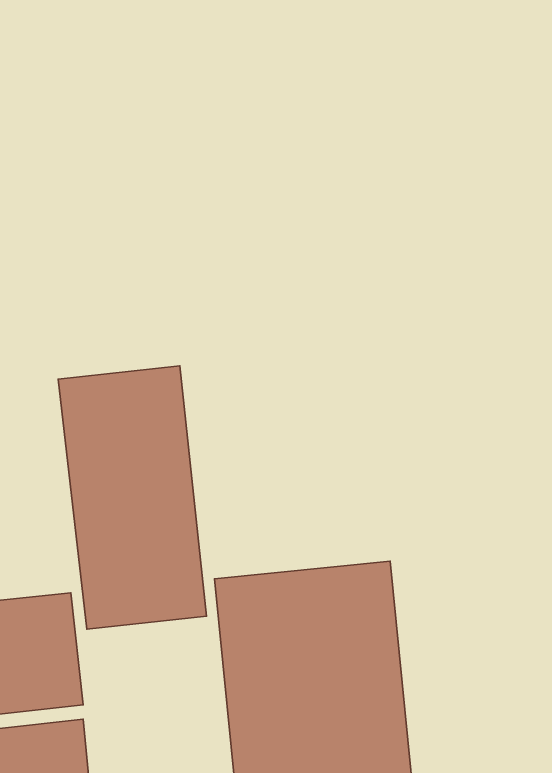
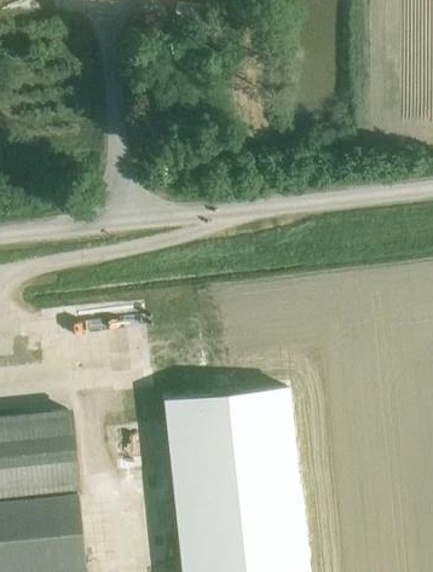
building: [58,366,207,629] -> none

